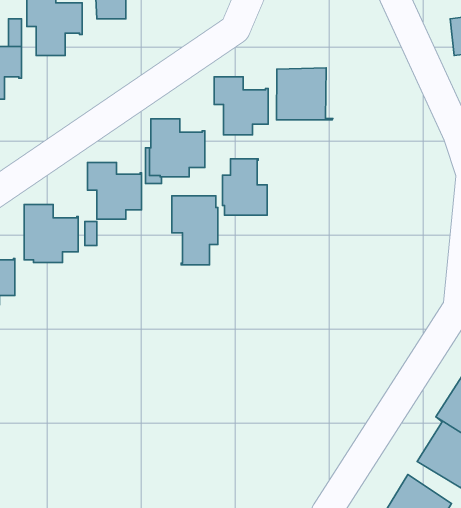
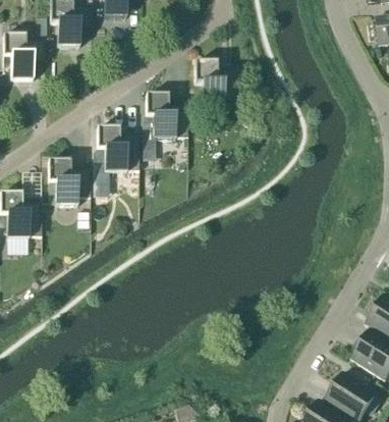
building: [276,68,333,120] -> none
building: [222,159,267,215] -> none
building: [172,196,218,265] -> none

